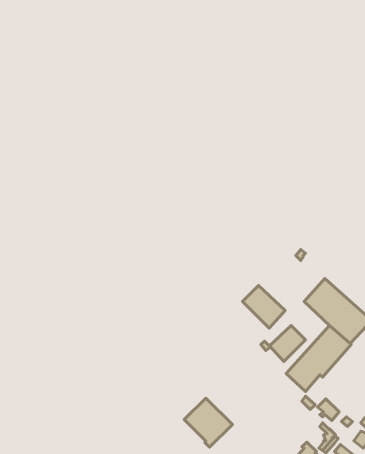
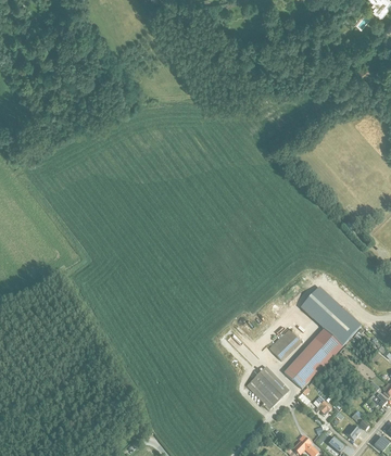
building: [242,285,285,328] -> none
building: [184,398,232,447] -> [245,367,289,411]

